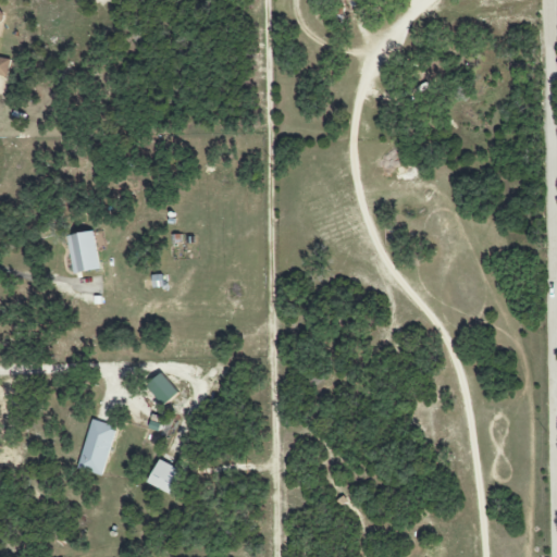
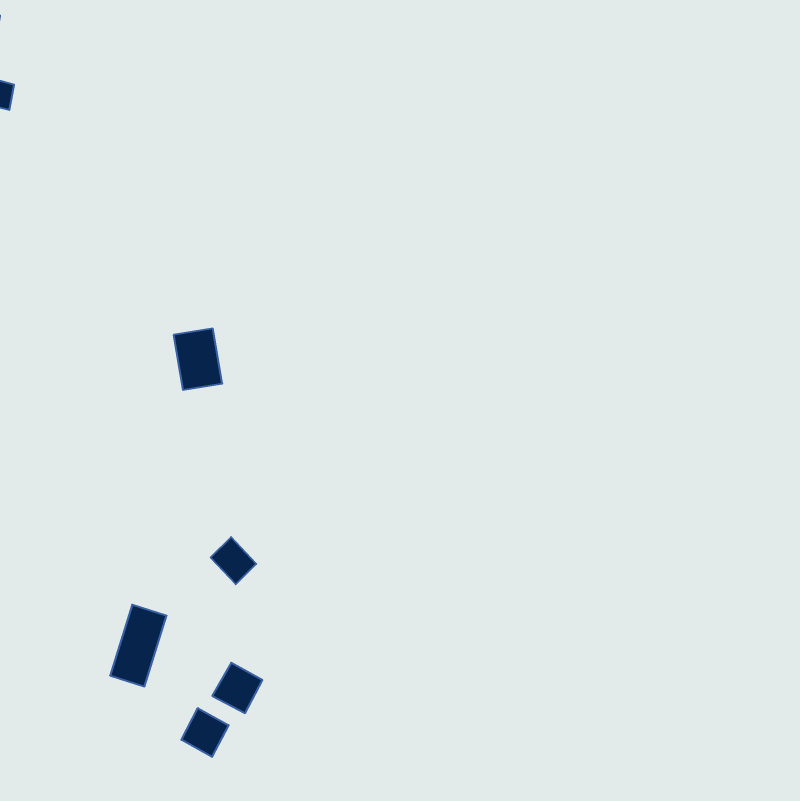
building: [65,231,99,273] -> [174,329,222,390]
building: none -> [181,708,229,757]

